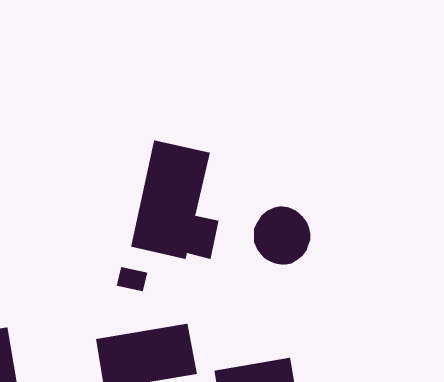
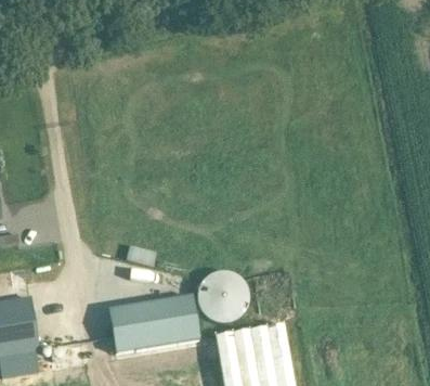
building: [131,139,219,260] -> none
building: [253,206,311,265] -> [198,270,250,323]

